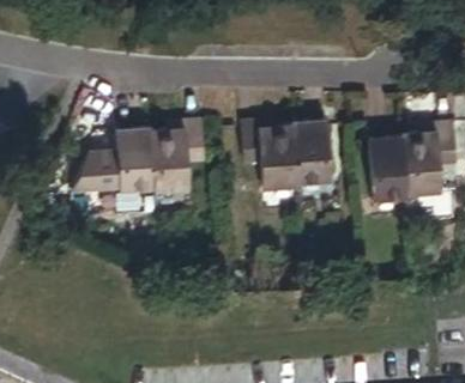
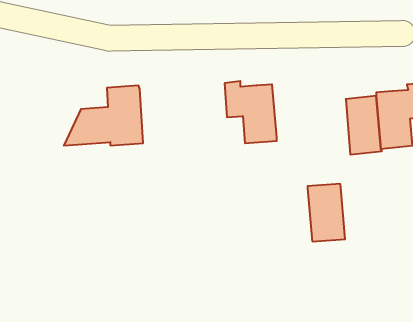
building: [152,113,205,182] -> none
building: [292,113,332,174] -> [308,184,345,241]

